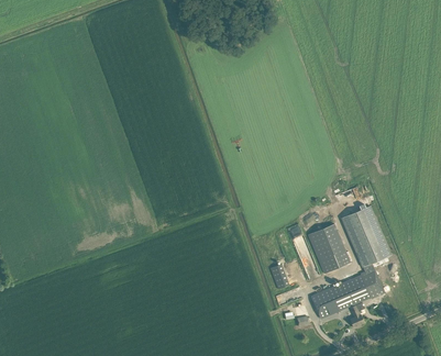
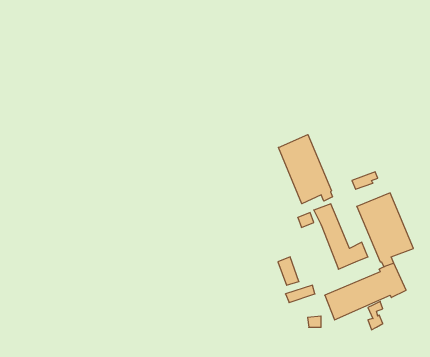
building: none -> [278,135,332,204]

